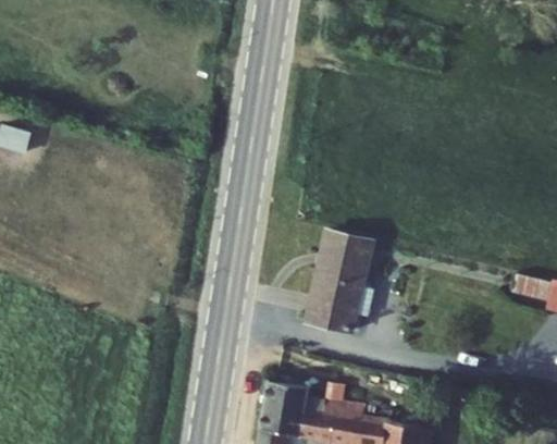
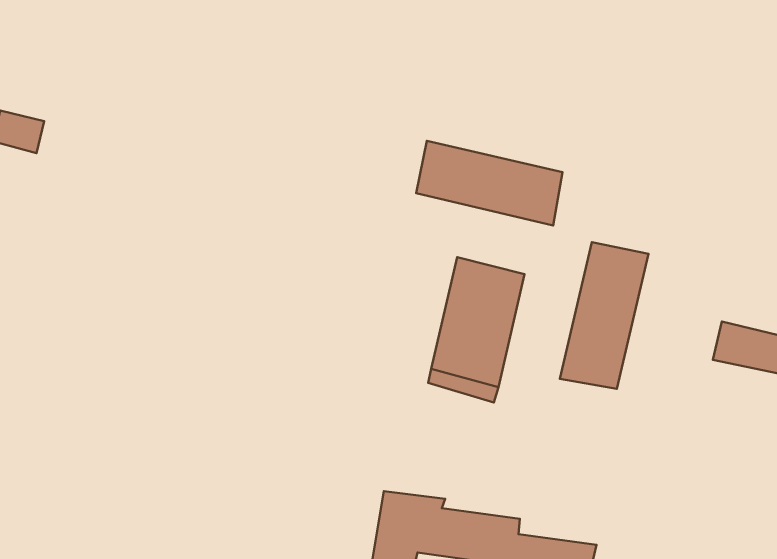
building: none -> [416,141,562,226]
building: none -> [560,242,648,389]

